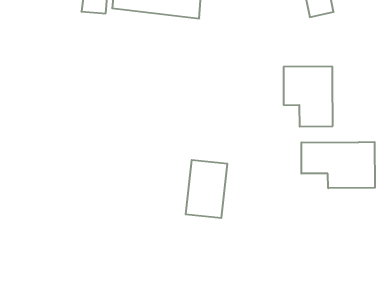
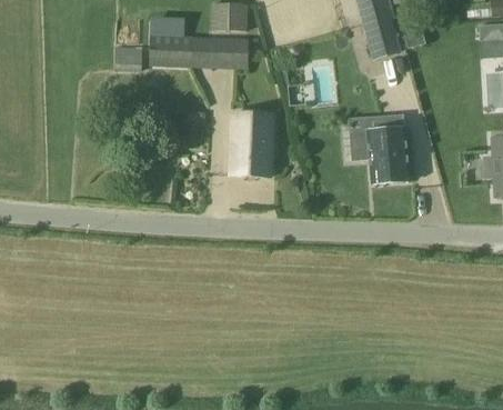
building: [301,142,375,188] -> none
building: [186,160,227,218] -> [230,112,273,176]

